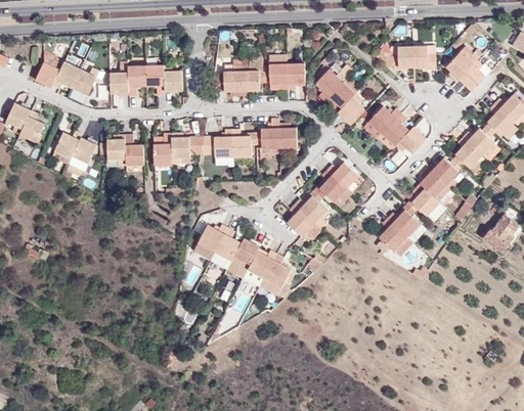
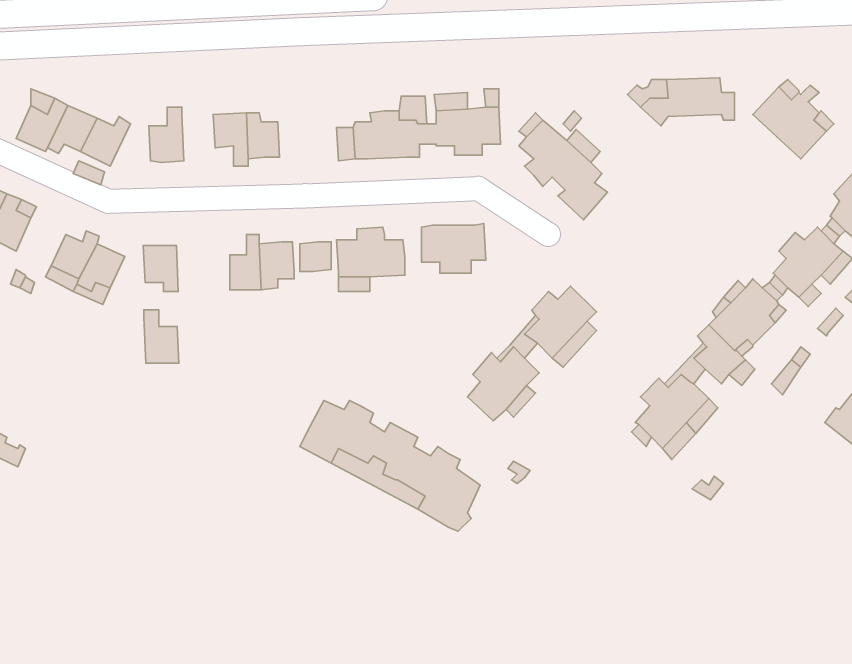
building: [128,66,146,96] -> none
building: [363,106,426,154] -> none
building: [125,135,144,165] -> [144,310,179,363]

